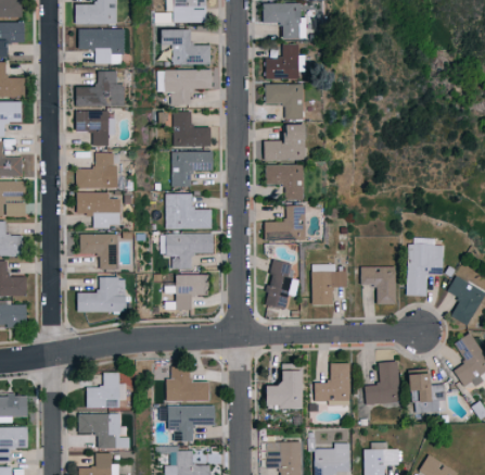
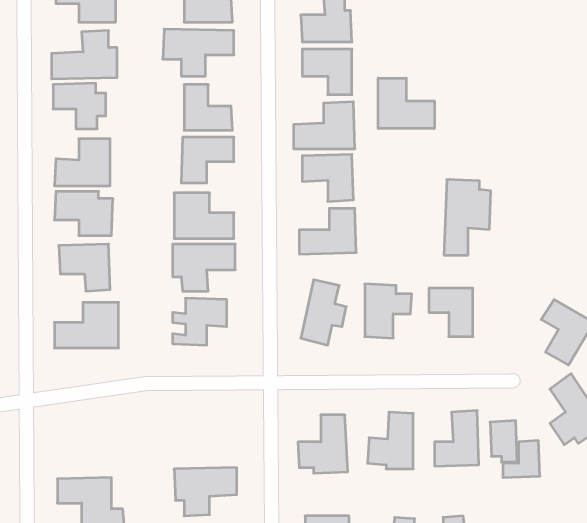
building: none -> [378,78,434,129]
building: [408,238,444,296] -> [444,180,491,255]
building: [165,367,209,402] -> none
building: [86,372,126,408] -> none

